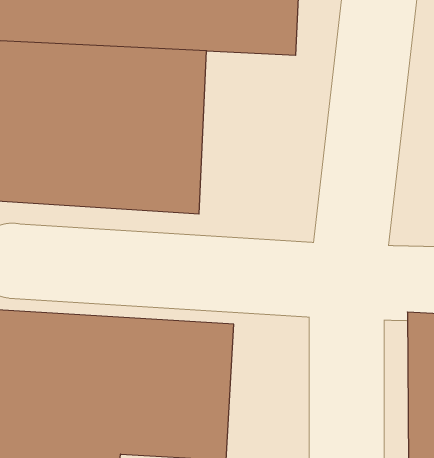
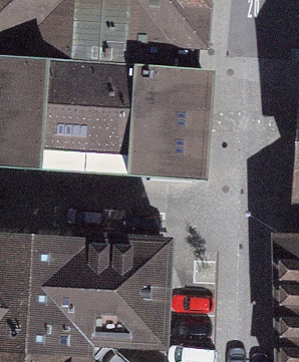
building: none -> [141,66,206,177]

